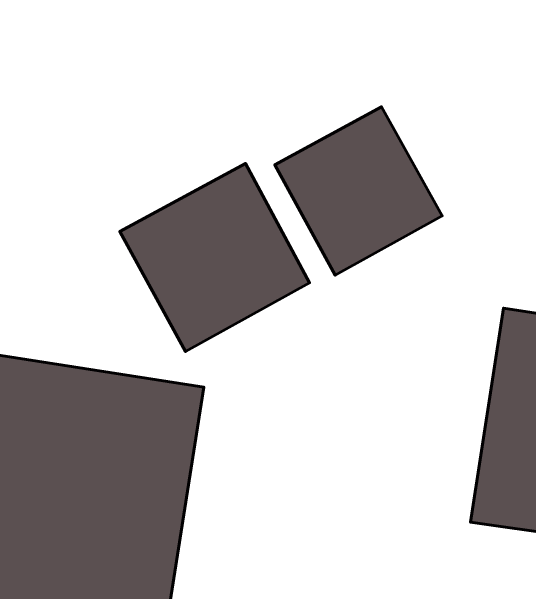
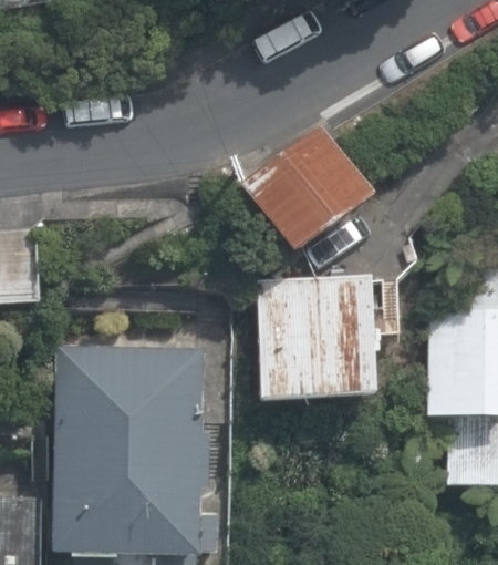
building: [120,164,309,352] -> none
building: none -> [258,279,376,401]

